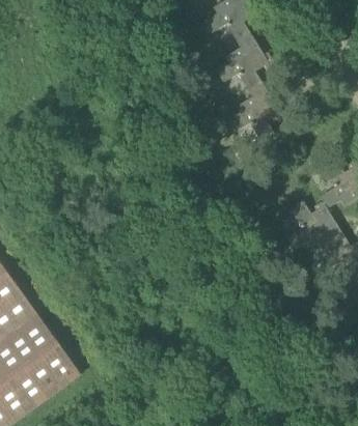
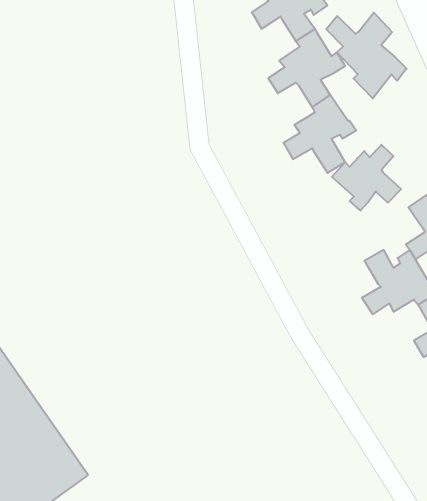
building: none -> [326,13,407,99]
building: none -> [332,145,401,211]

